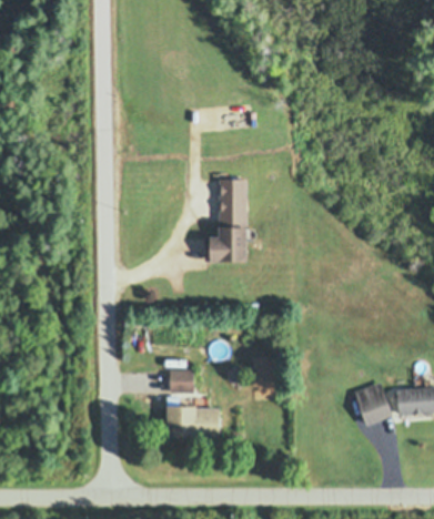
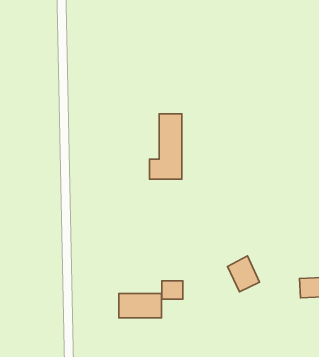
building: [168,368,194,391] -> [162,281,183,299]
building: [353,379,394,425] -> [227,256,260,292]

